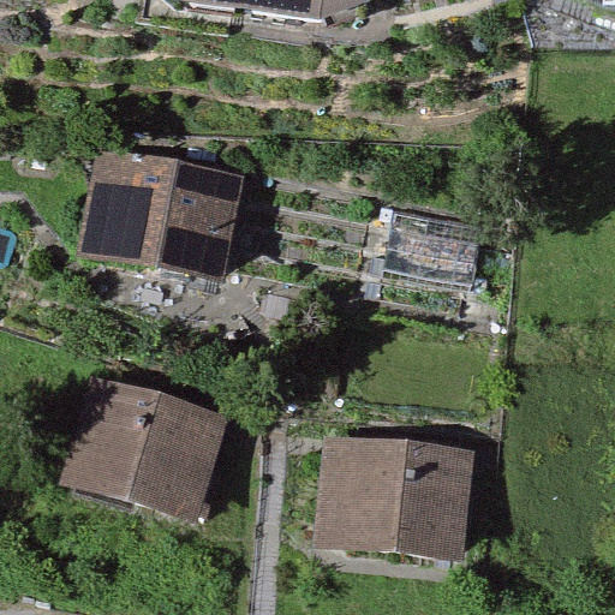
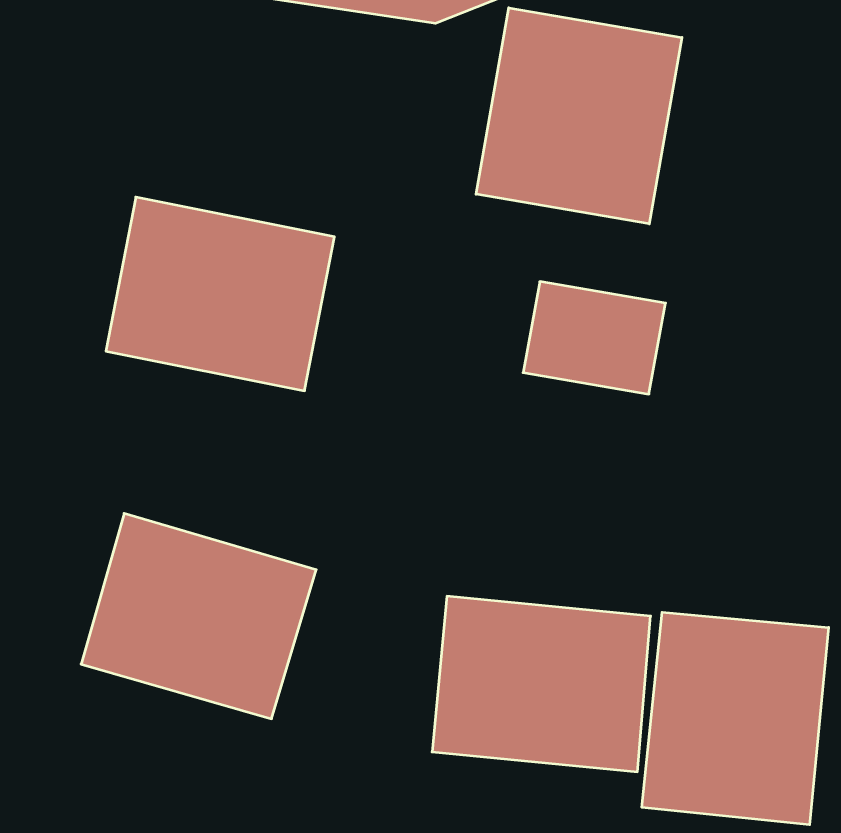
building: none -> [476,8,682,224]
building: none -> [642,612,829,825]

